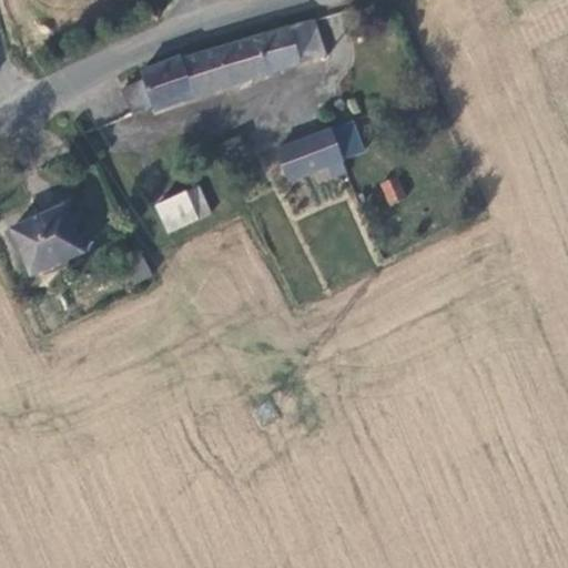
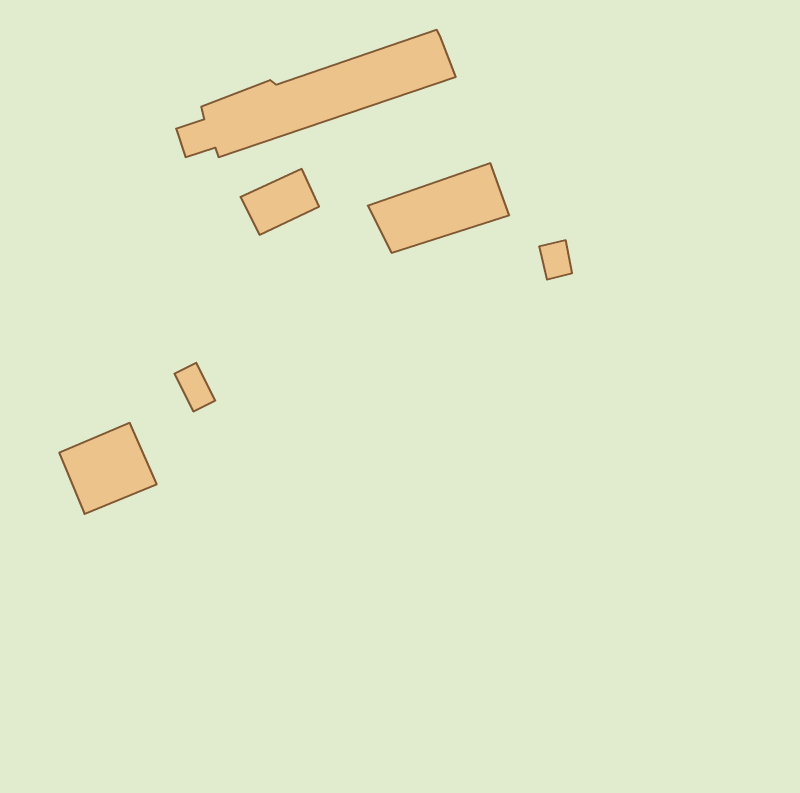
building: [161,189,216,235] -> [240,169,319,235]
building: [13,205,82,270] -> [59,423,157,514]

